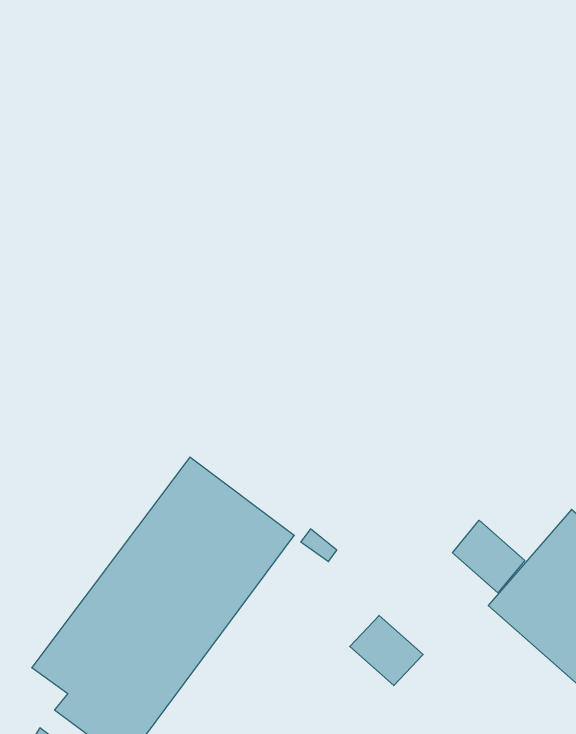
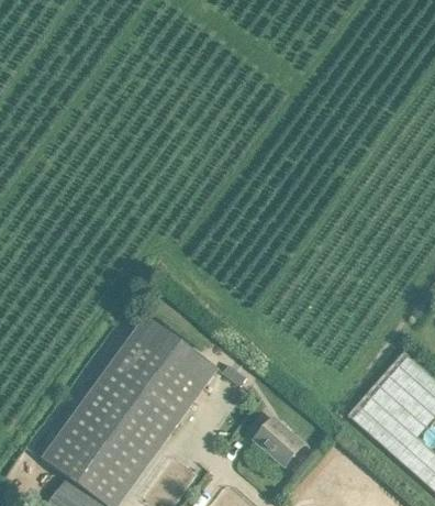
building: [452,520,525,593] -> none

